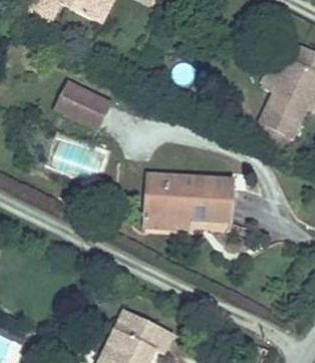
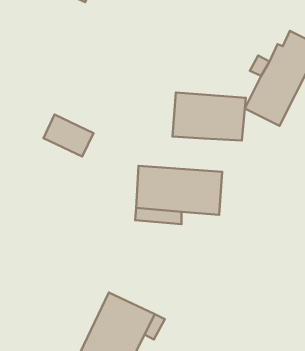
building: [49,84,98,125] -> [43,115,94,157]
building: none -> [173,93,246,141]

